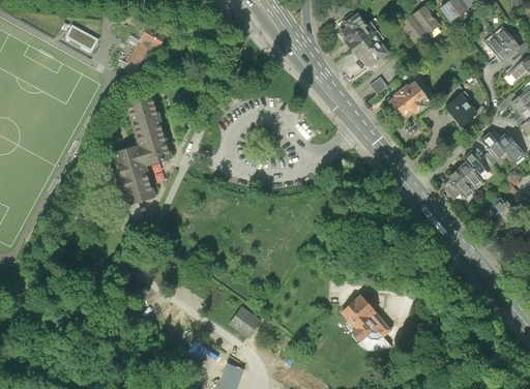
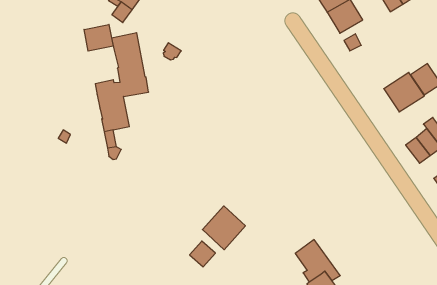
building: [386,79,430,121] -> [384,72,424,112]
building: none -> [84,24,113,51]
building: none -> [202,206,245,250]

